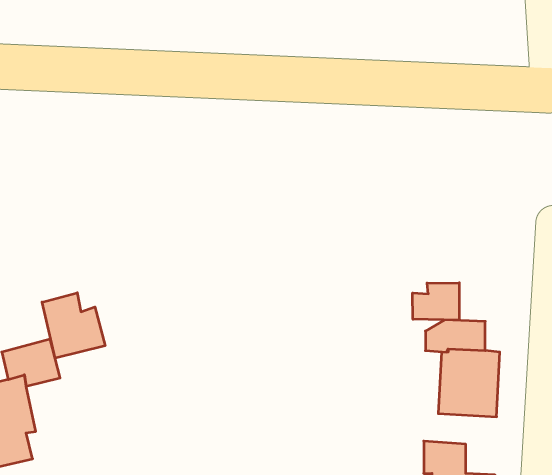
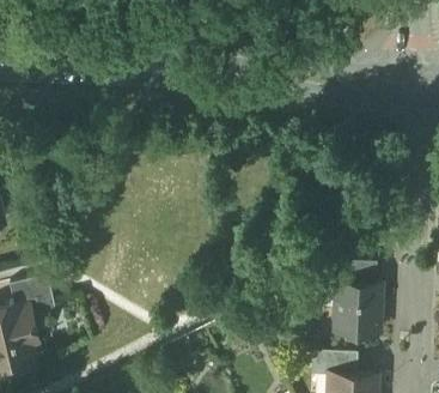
building: [413,283,459,320] -> none
building: [42,293,105,358] -> none

